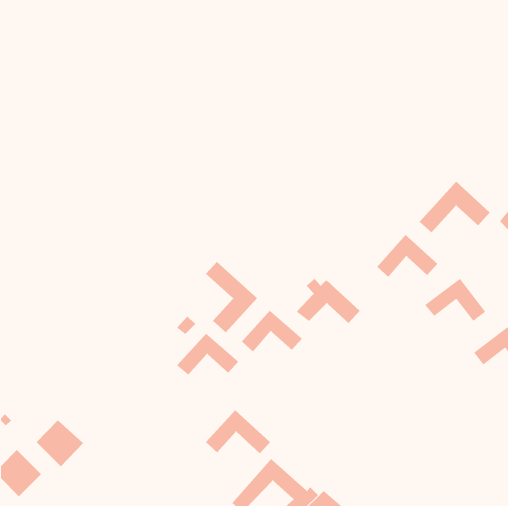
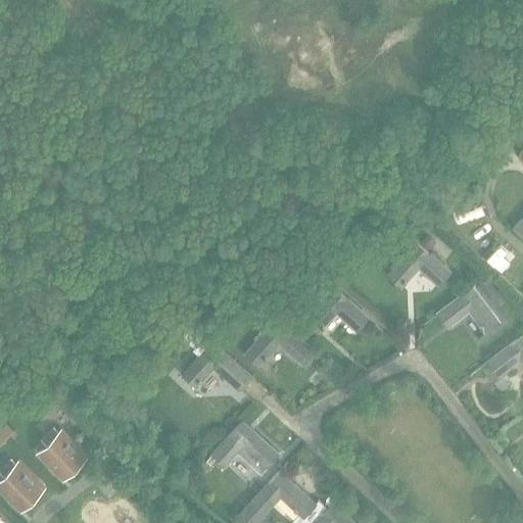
building: [419,181,491,233] -> none
building: [205,261,258,333] -> none

